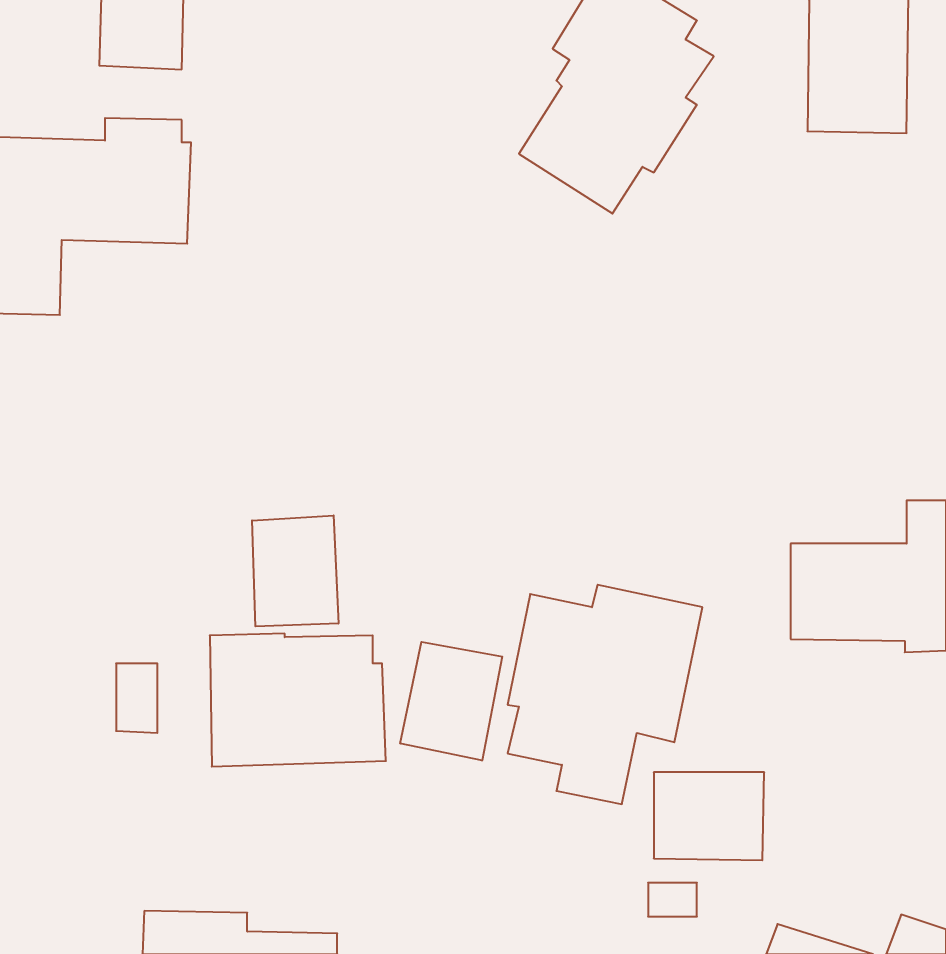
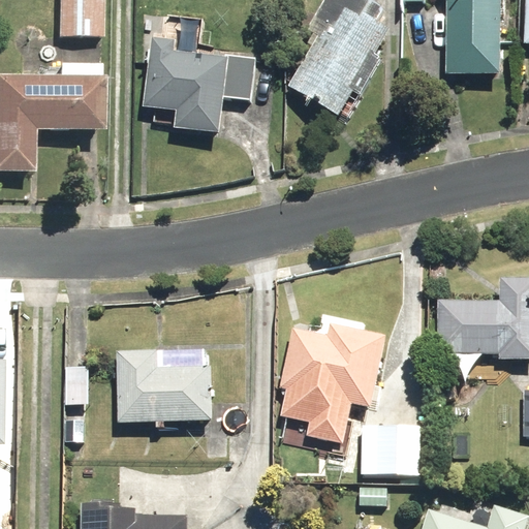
building: none -> [144,38,256,136]
building: [252,515,338,626] -> none
building: [400,642,502,761] -> none

